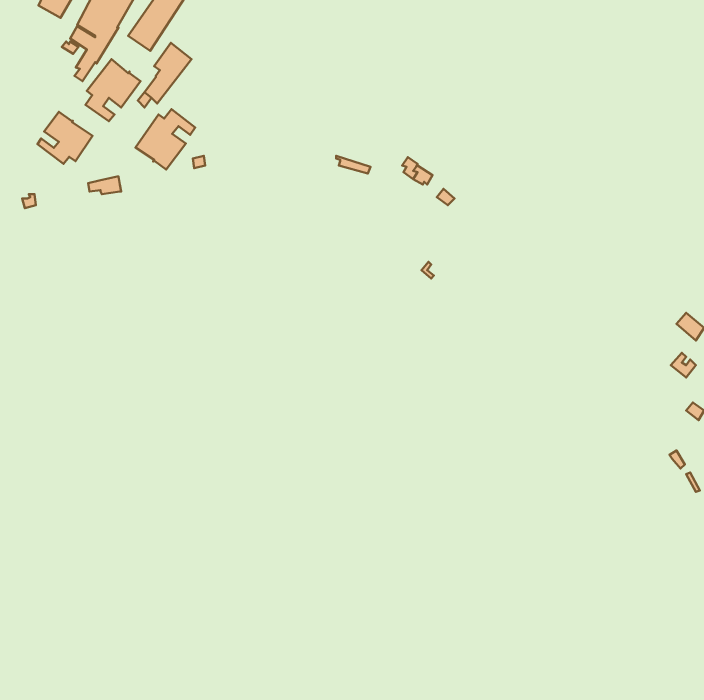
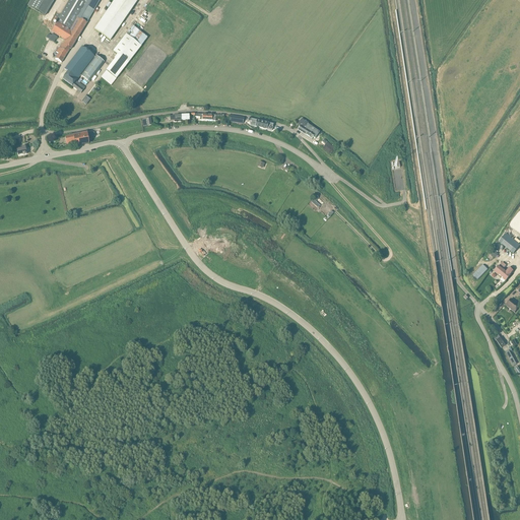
building: [135,109,195,170] -> none
building: [38,112,92,164] -> none

